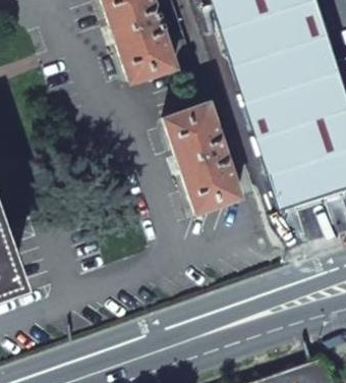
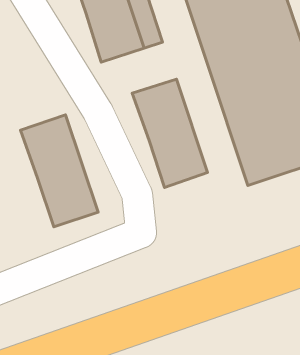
building: none -> [20,115,98,227]

